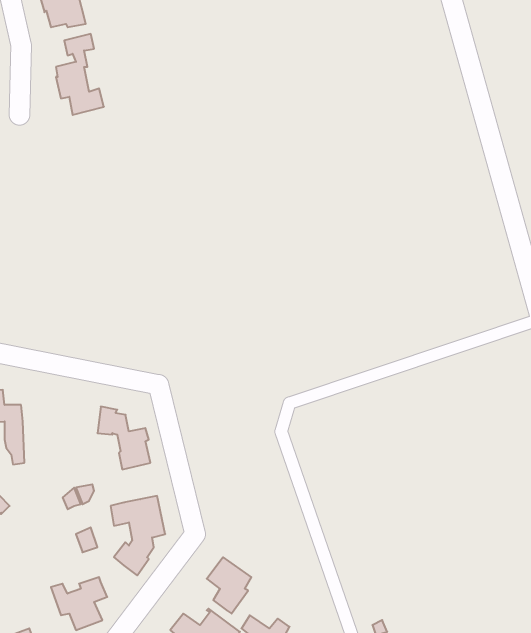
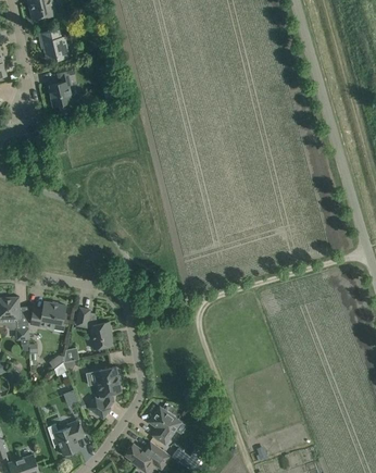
building: none -> [29,301,65,327]

